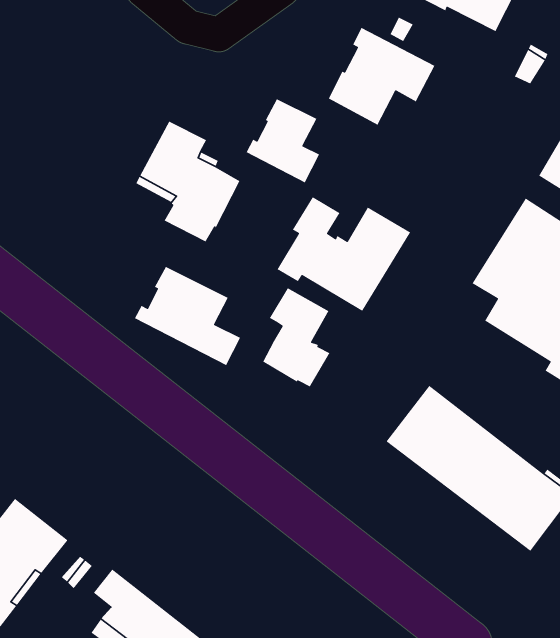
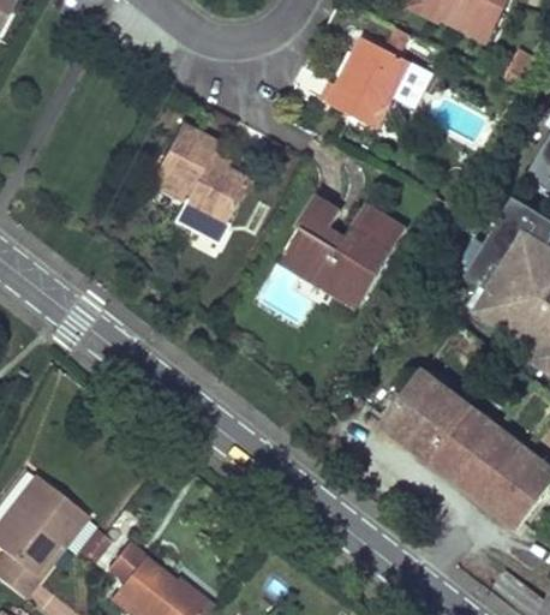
building: [245,98,320,183] -> none
building: [134,266,241,366] -> none
building: [262,287,330,388] -> none

